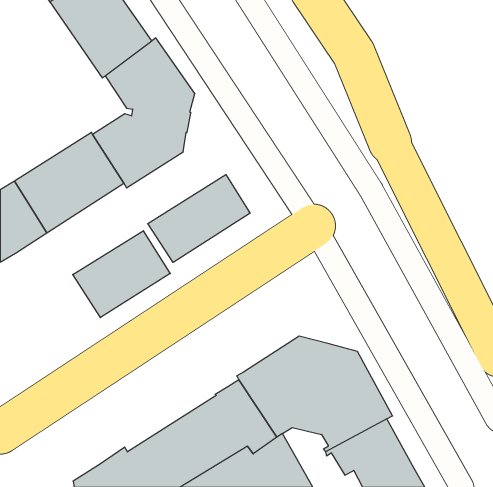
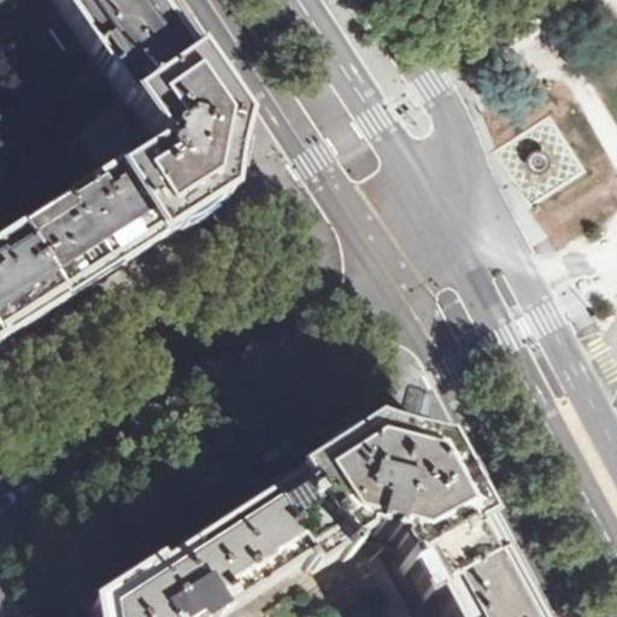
building: [148,175,250,262] -> none
building: [73,231,170,318] -> none

